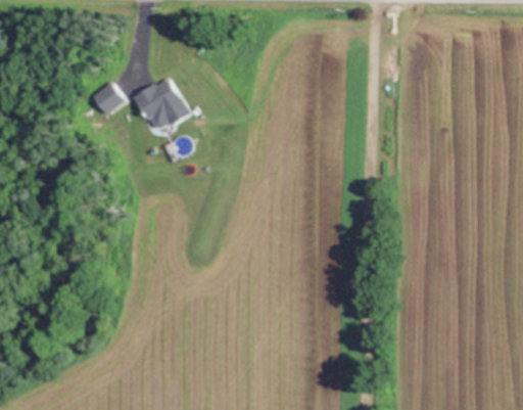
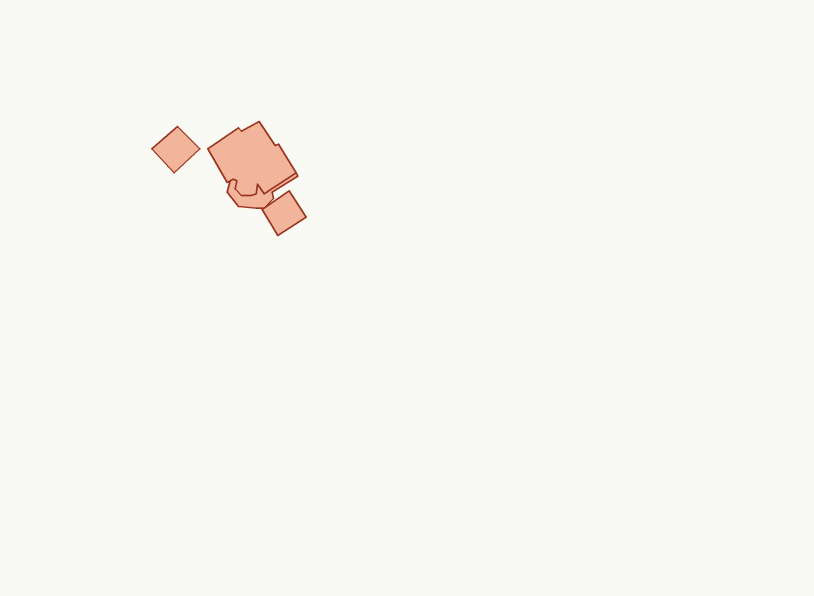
building: none -> [262,191,306,235]

